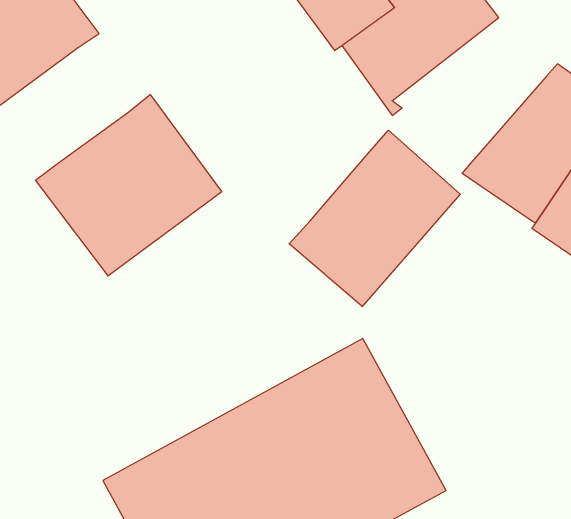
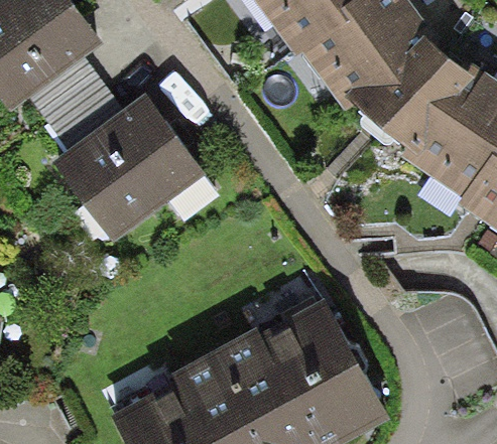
building: none -> [344,37,471,150]
building: none -> [30,54,126,148]
building: [289,130,460,307] -> none

